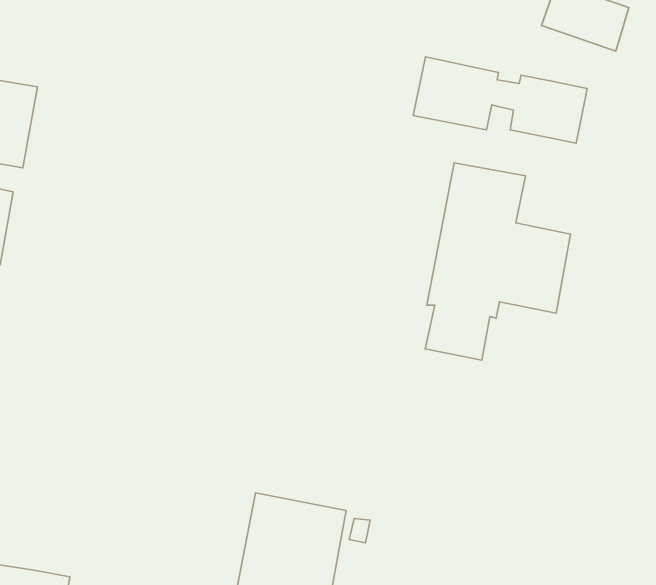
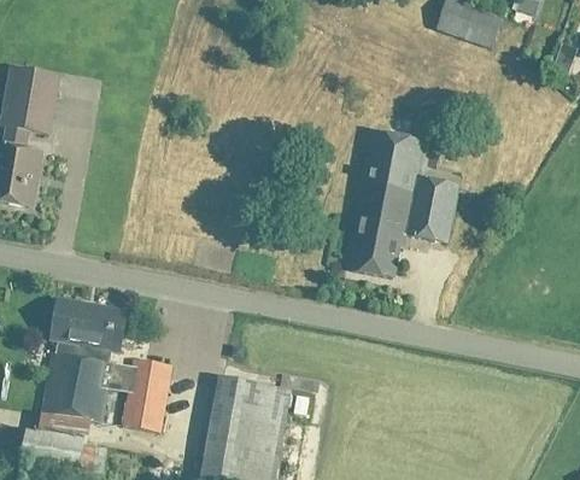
building: [413,57,587,143] -> none
building: none -> [42,298,171,432]

